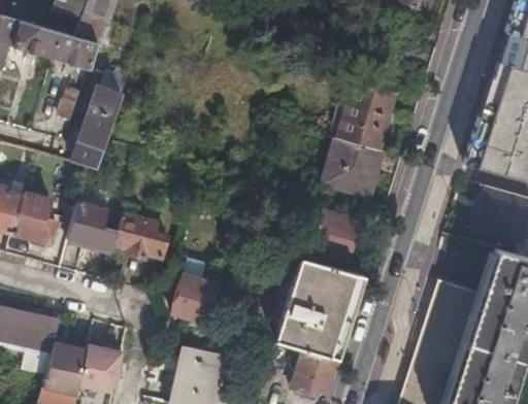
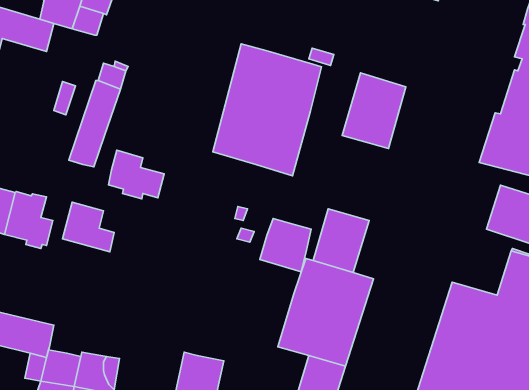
building: [52,32,98,69] -> none
building: none -> [213,44,322,176]
building: [322,139,382,196] -> none
building: [113,213,167,260] -> [108,150,164,199]
building: none -> [260,219,311,272]
building: [172,275,218,323] -> none

